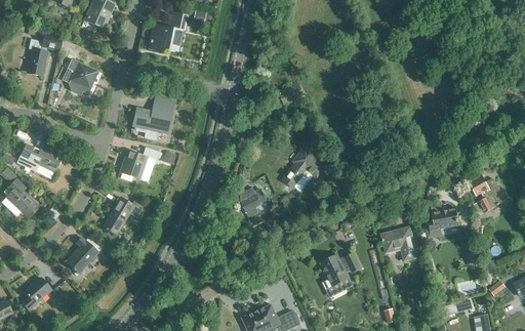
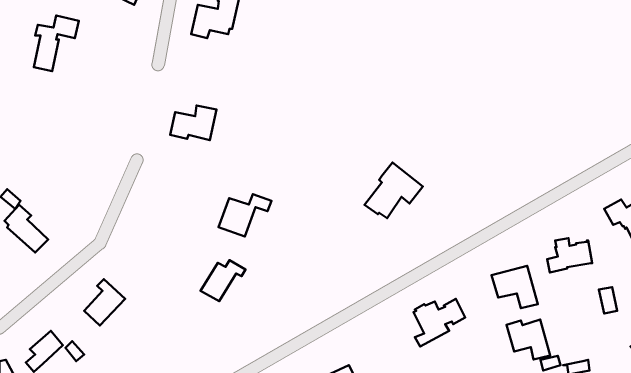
building: [64,59,98,94] -> none
building: [15,147,60,172] -> none
building: [119,147,160,179] -> [218,194,271,236]
building: [240,187,261,217] -> none
building: [102,203,136,235] -> [200,260,245,301]
building: none -> [507,320,550,360]

